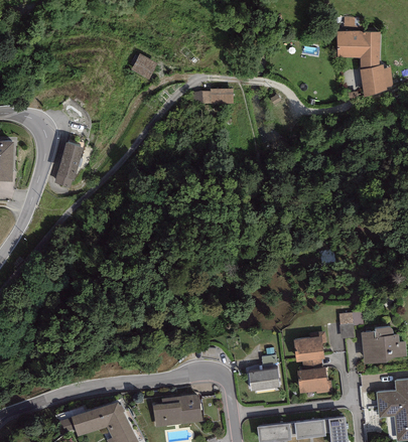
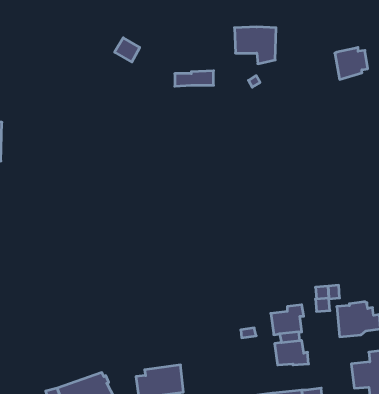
building: [336,30,380,68] -> [234,27,276,64]
building: [53,142,83,187] -> none
building: [248,367,279,391] -> none

